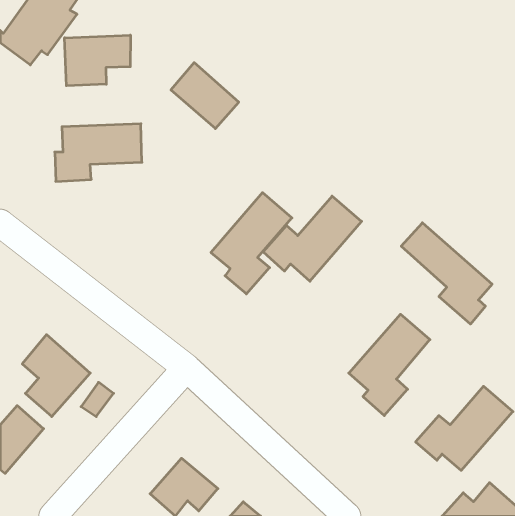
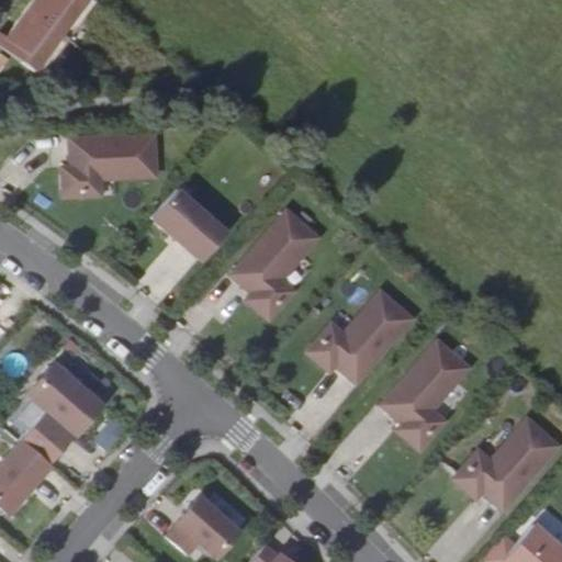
building: [65,35,130,86] -> none
building: [171,63,239,129] -> [151,188,225,259]
building: [263,196,362,281] -> [306,291,413,383]
building: [401,223,492,324] -> none

